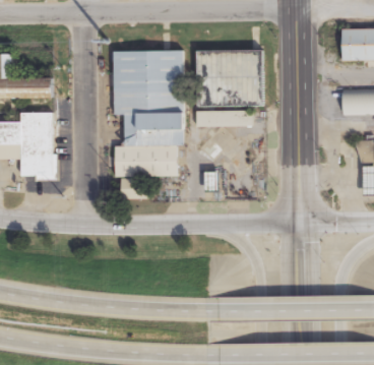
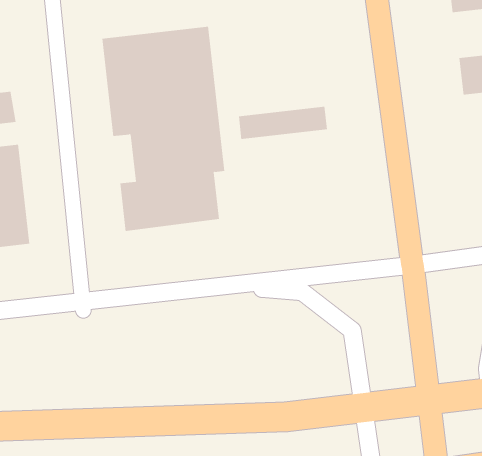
building: [197,50,260,106] -> none

